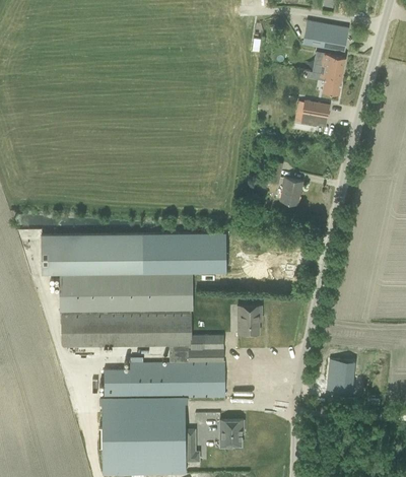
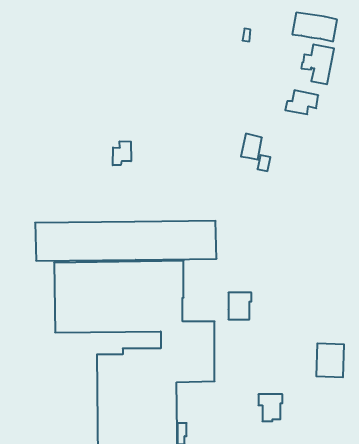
building: none -> [113,141,131,165]
building: [280,178,301,204] -> [241,134,262,160]
building: [219,420,244,448] -> [258,394,282,421]

